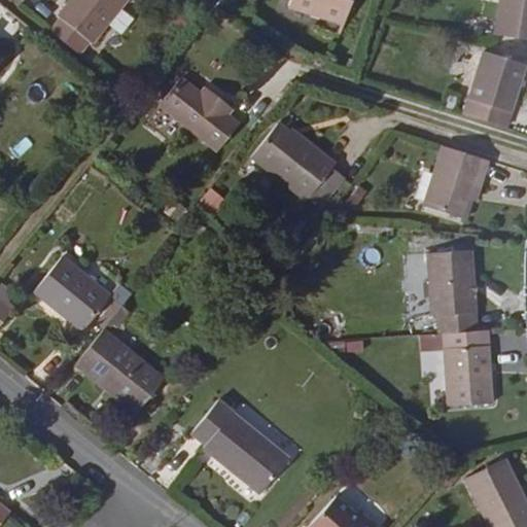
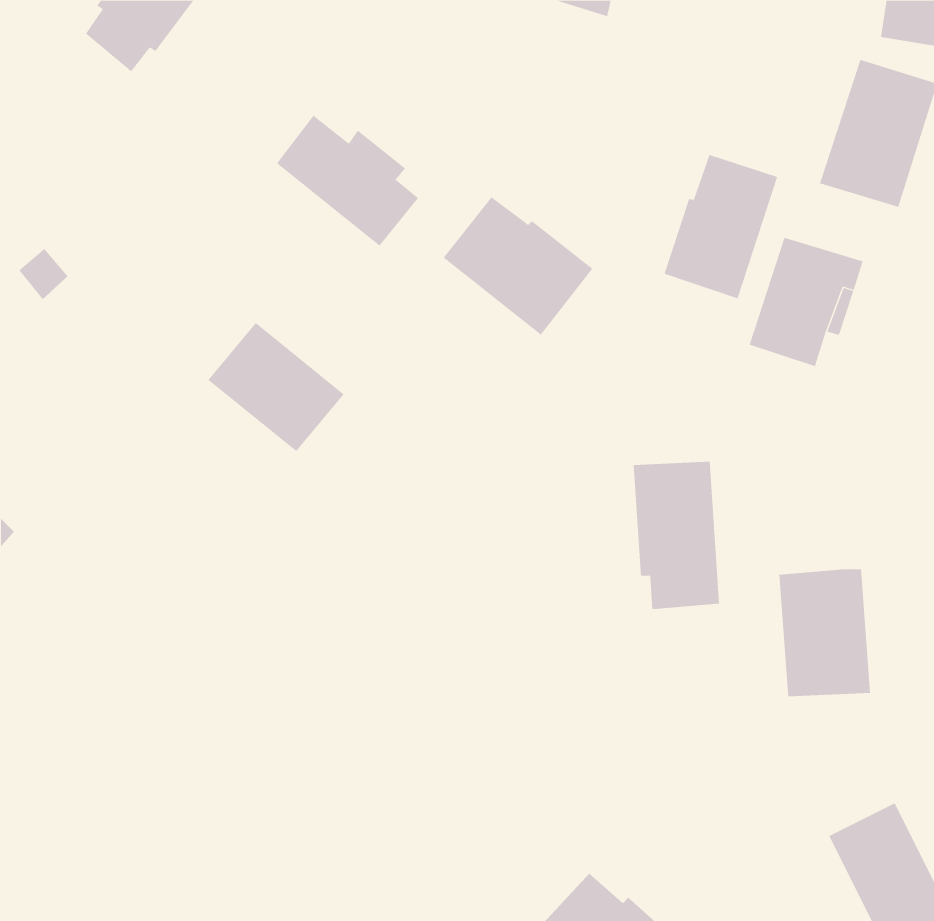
building: none -> [664,154,778,299]
building: [428,251,477,333] -> [633,461,720,609]
building: [35,255,111,327] -> [207,322,345,452]
building: [78,328,168,413] -> none
building: [191,395,288,491] -> none

